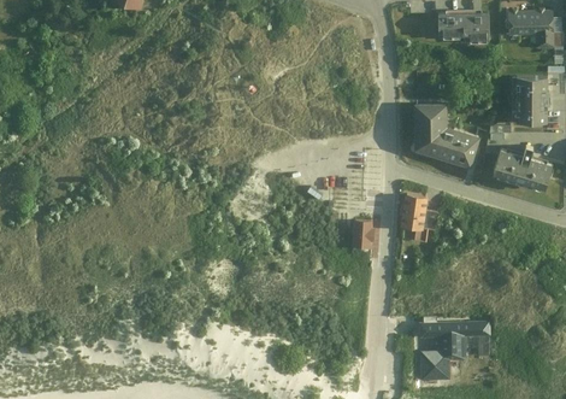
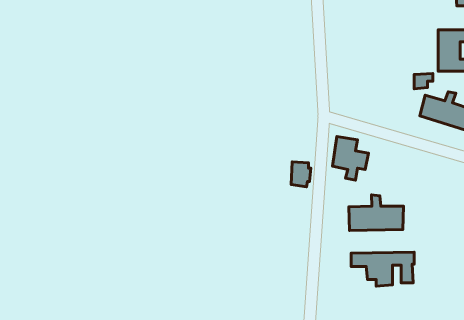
building: [415,102,482,168] -> none
building: none -> [349,195,403,230]
building: [420,352,447,379] -> none

